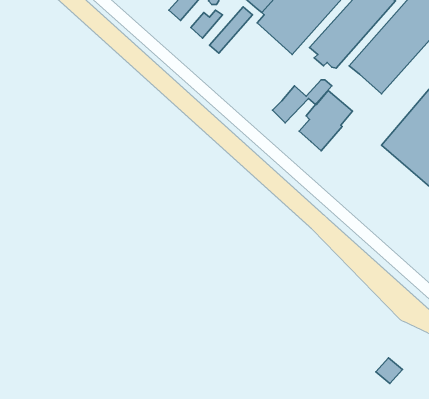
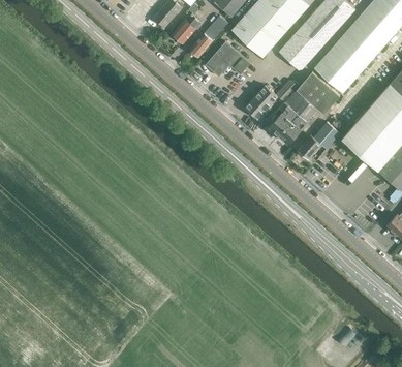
building: none -> [206,41,251,78]
building: none -> [295,71,340,115]
building: none -> [298,123,339,160]

